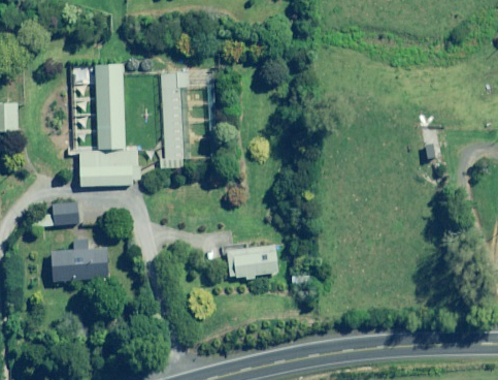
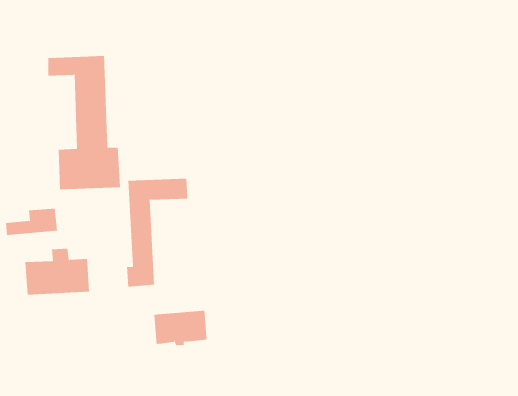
building: [160,70,215,168] -> [126,178,188,287]
building: [228,246,276,278] -> [154,310,207,346]

